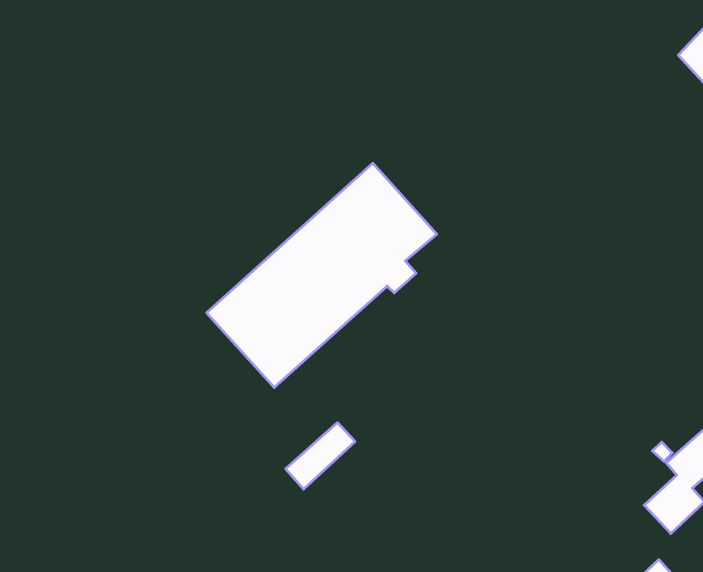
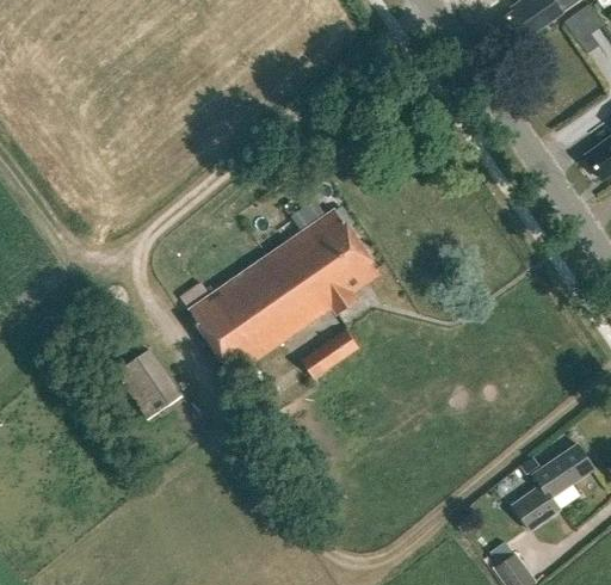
building: none -> [115,349,180,419]
building: [286,423,355,489] -> [301,328,358,377]

